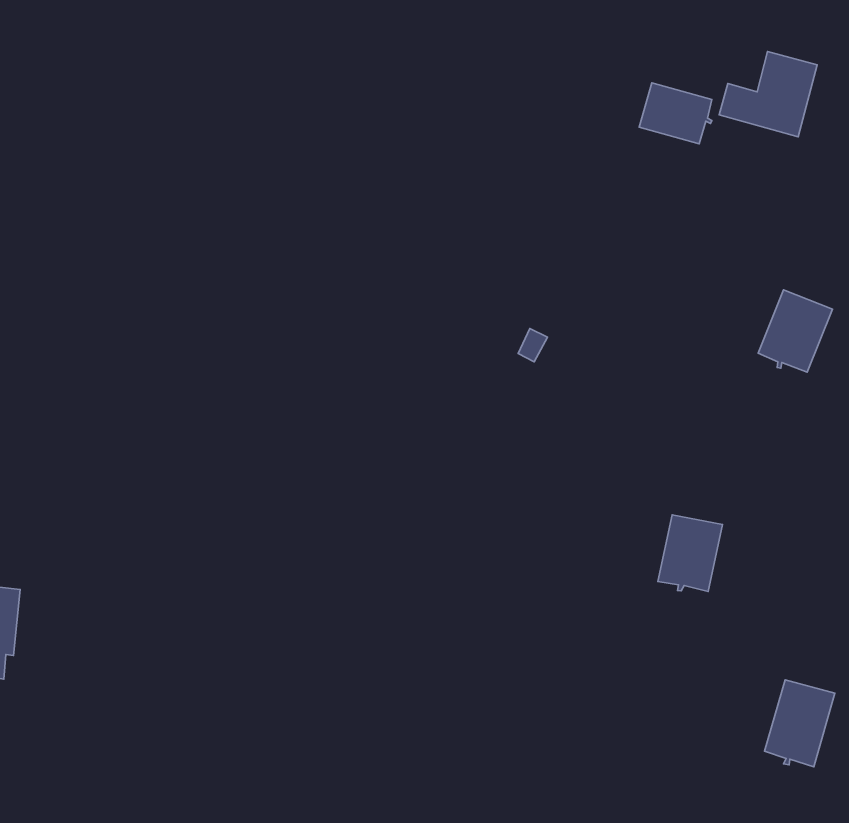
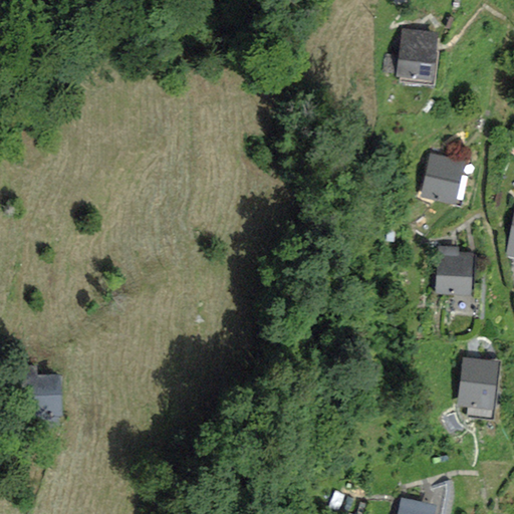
building: [639,83,712,144] -> none
building: [658,515,723,591] -> [441,253,470,292]

